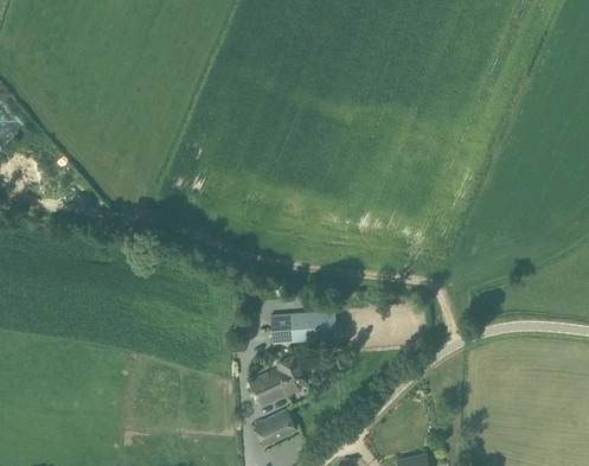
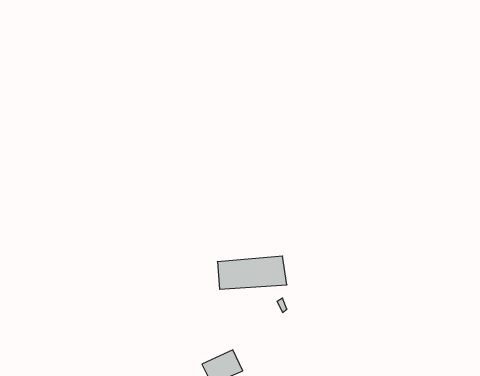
building: [248,356,306,408] -> none

